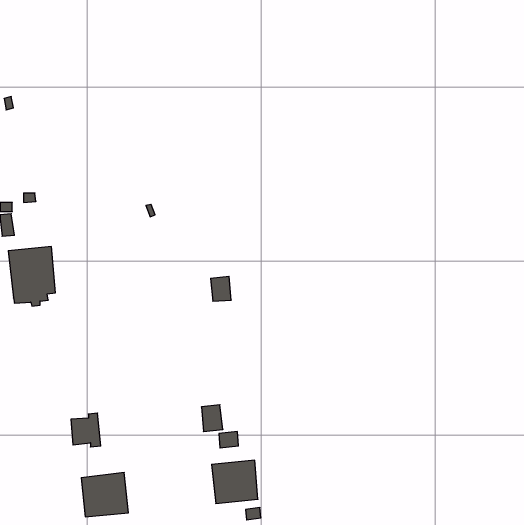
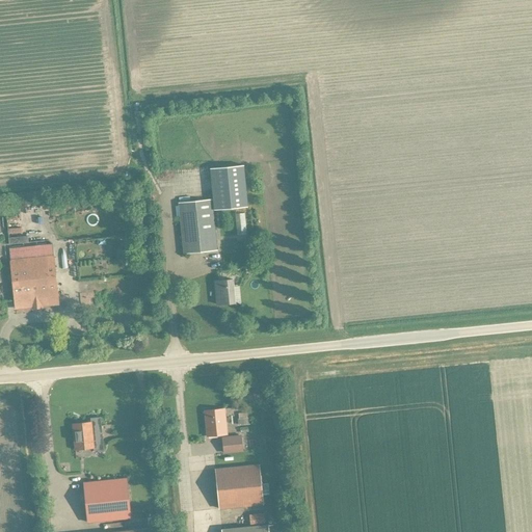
building: none -> [179,165,247,252]

